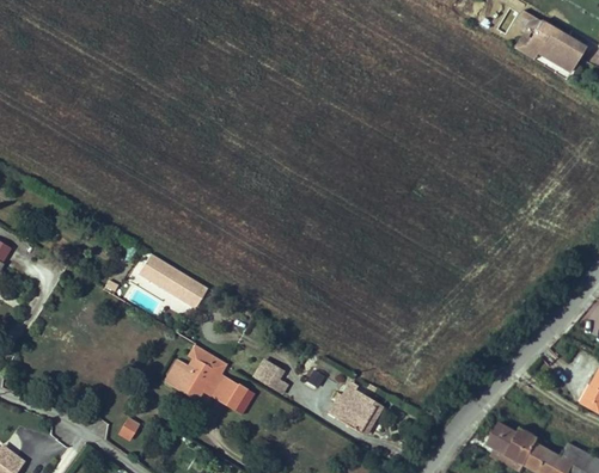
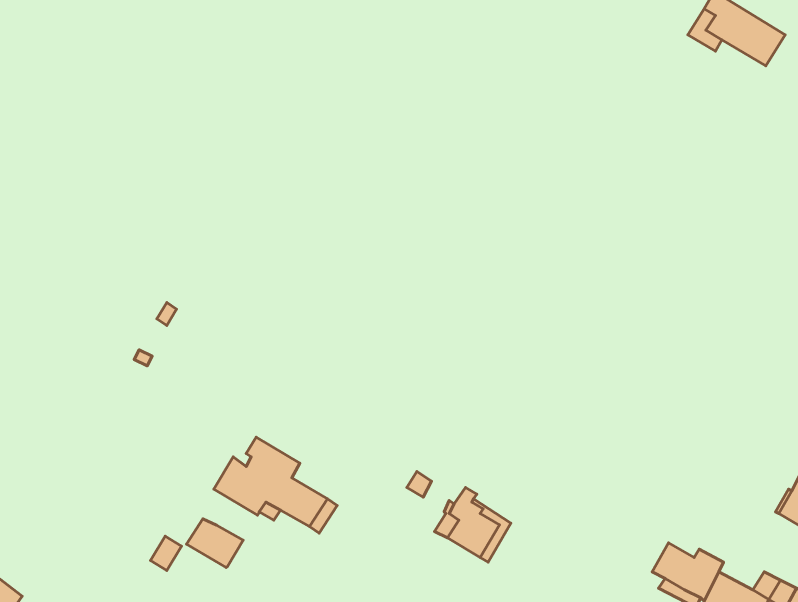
building: [139,253,207,308] -> none
building: [253,360,288,395] -> none
building: none -> [187,519,243,568]

